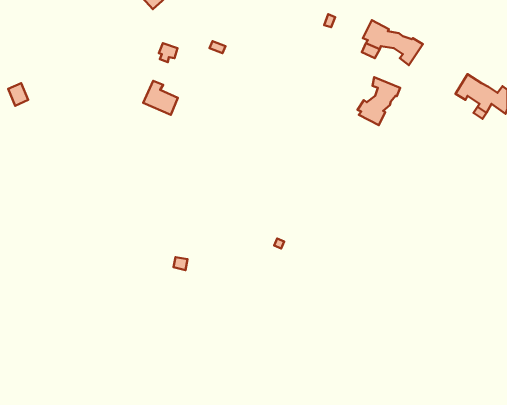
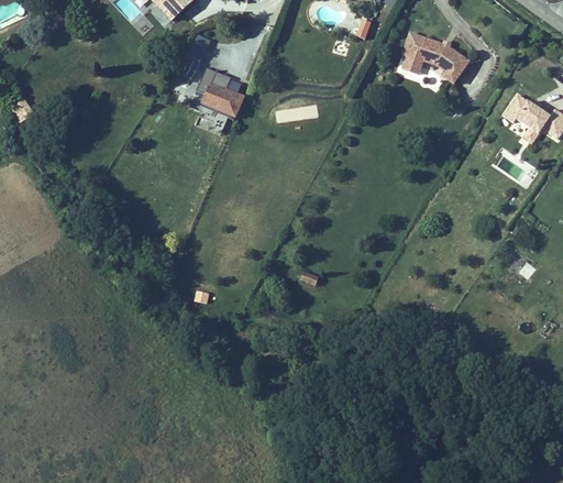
building: [357,77,400,125] -> none
building: [143,81,178,115] -> [205,78,243,116]

